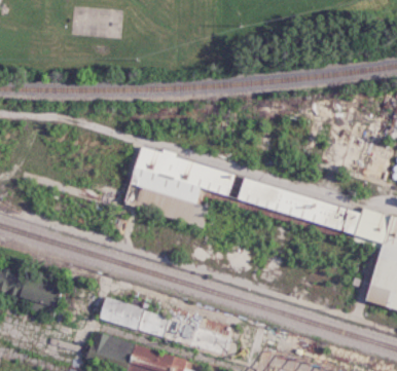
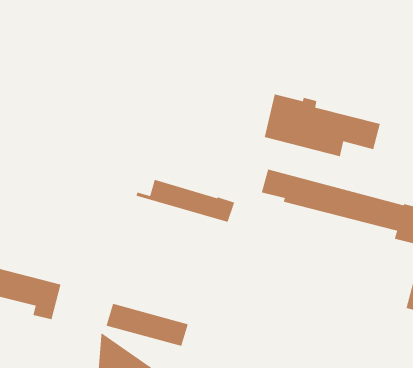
building: [131,146,234,202] -> [264,93,381,157]

